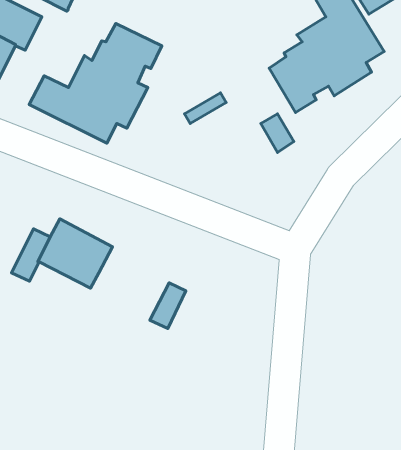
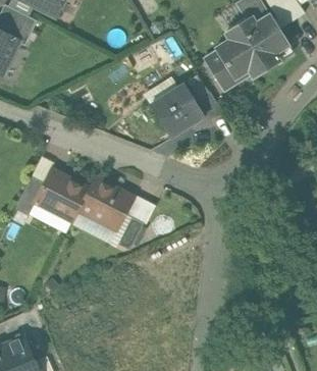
building: [29,24,162,143] -> none
building: none -> [149,84,202,137]
building: none -> [80,178,134,228]

